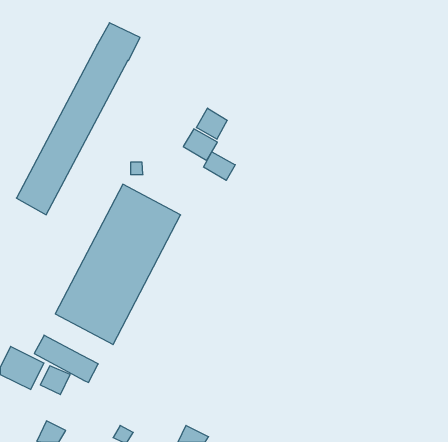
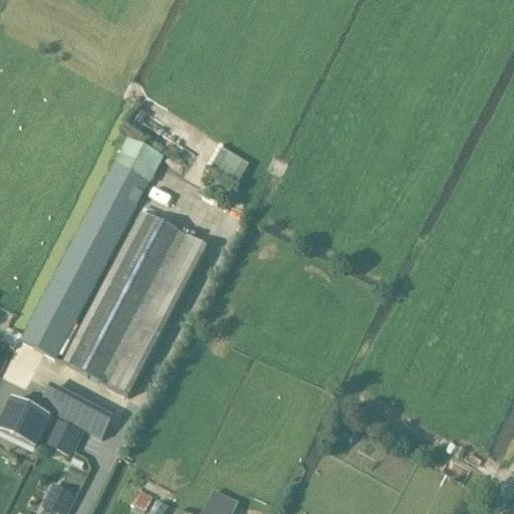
building: [16,23,140,215] -> [21,137,163,356]
building: [196,108,227,139] -> none
building: [204,152,235,180] -> none

